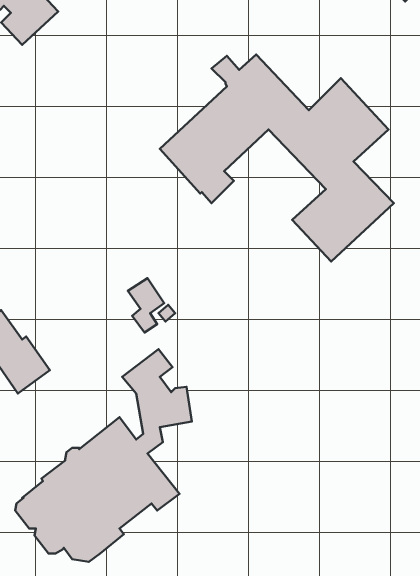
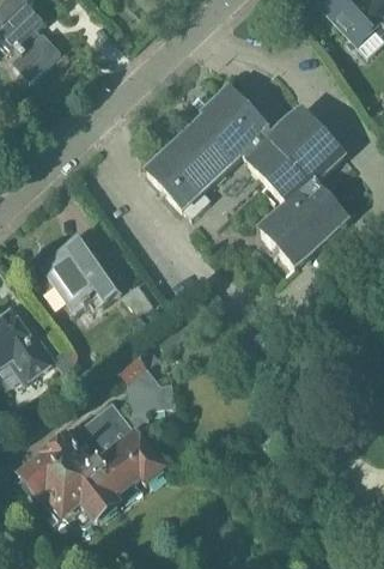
building: none -> [41,235,118,309]

